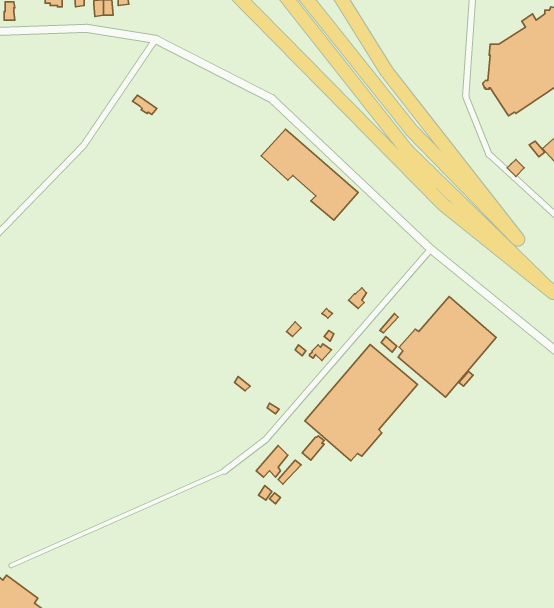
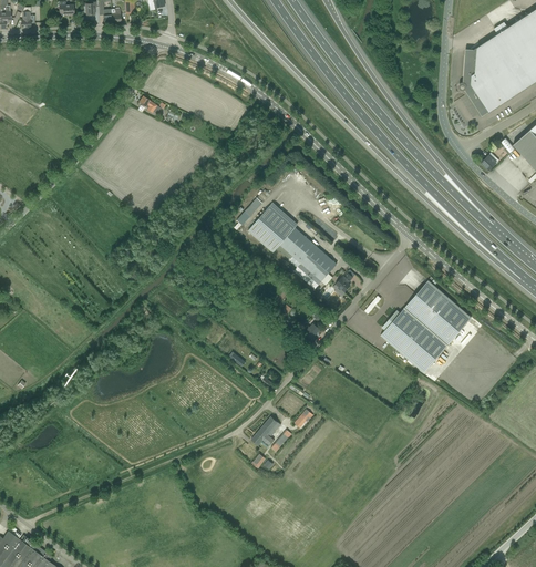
building: [261,129,358,220] -> [248,206,337,289]
building: [305,345,417,461] -> none

